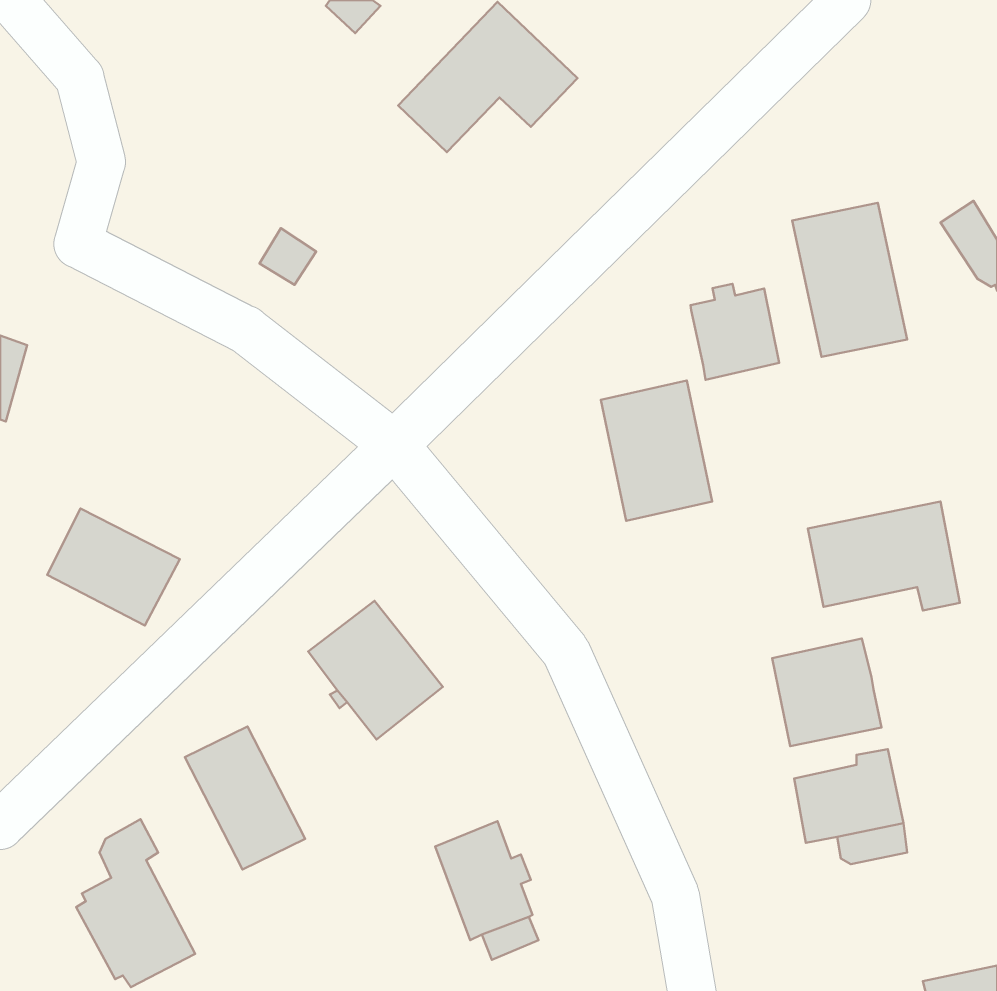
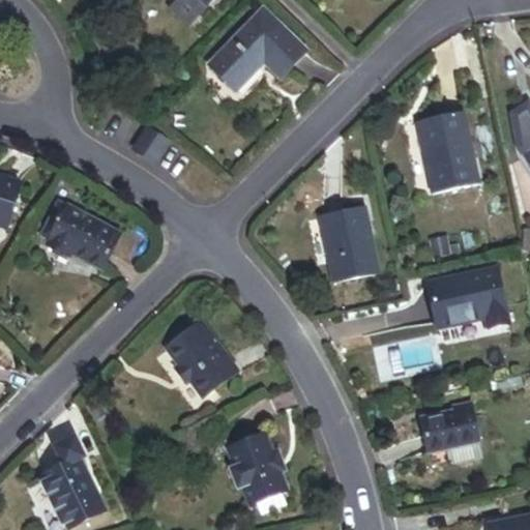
building: [690,284,779,380] -> none
building: [47,509,180,626] -> [47,204,117,266]
building: [772,639,882,746] -> none
building: [185,727,305,869] -> none

